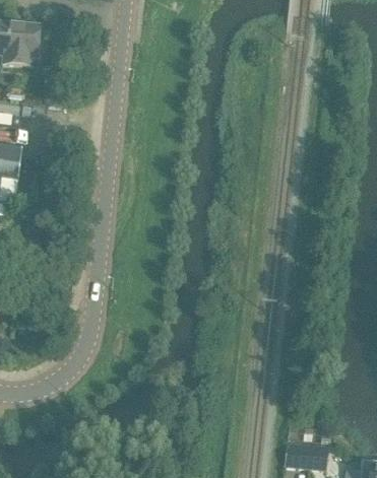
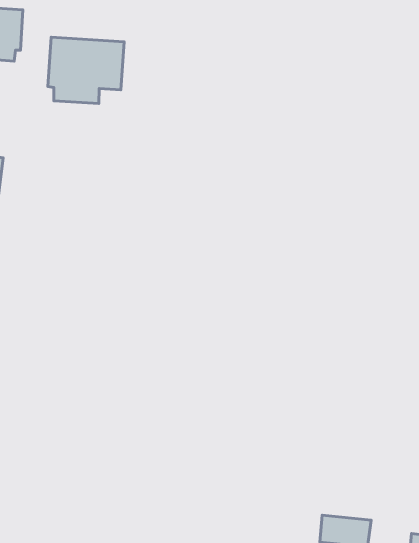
building: none -> [48,37,124,104]

